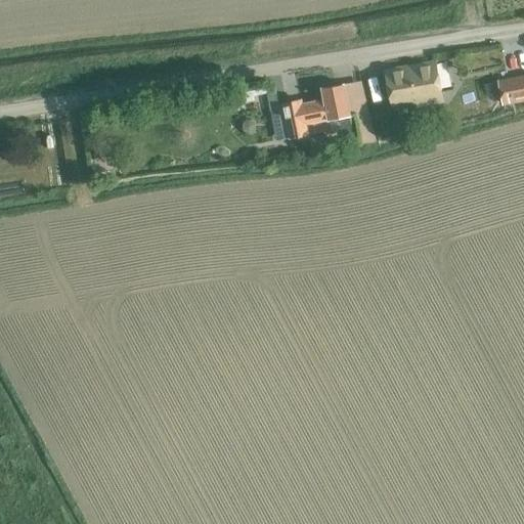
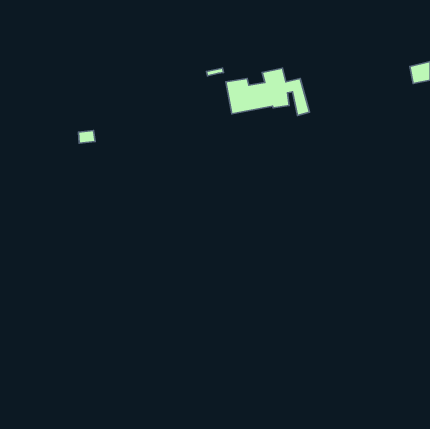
building: [387,62,440,104] -> none

